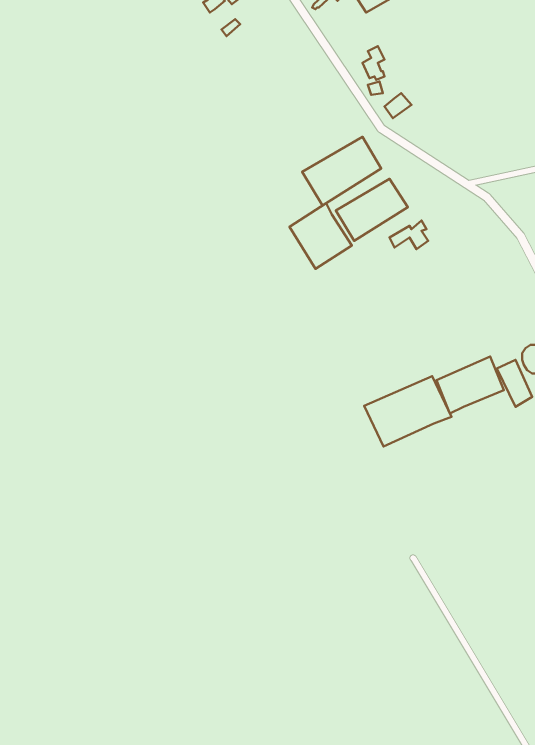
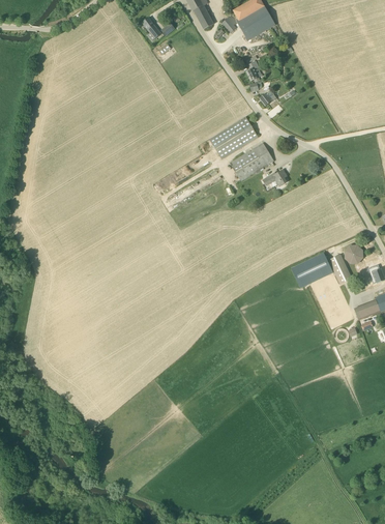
building: [290,203,352,269] -> none
building: [364,376,452,447] -> none

